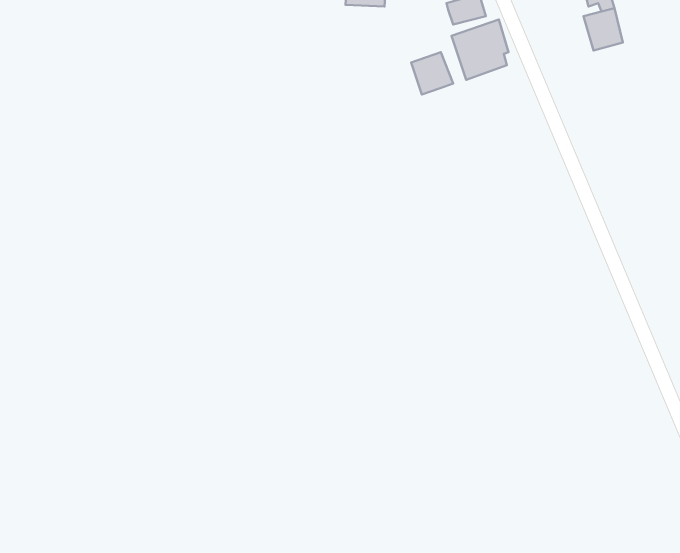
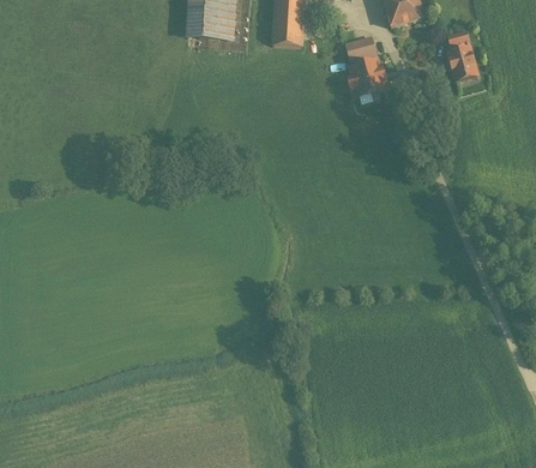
building: [411,52,453,95] -> none

